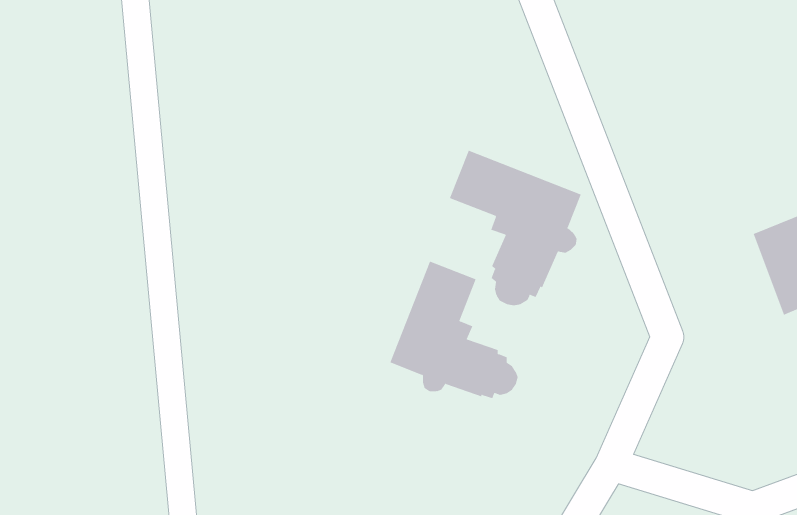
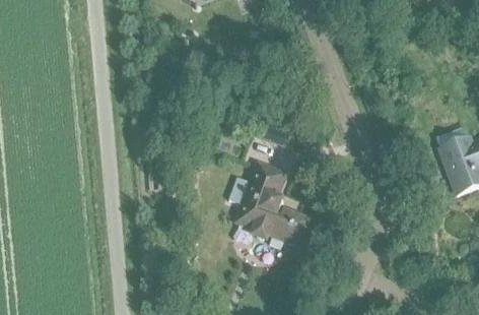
building: [449,150,581,306] -> none

